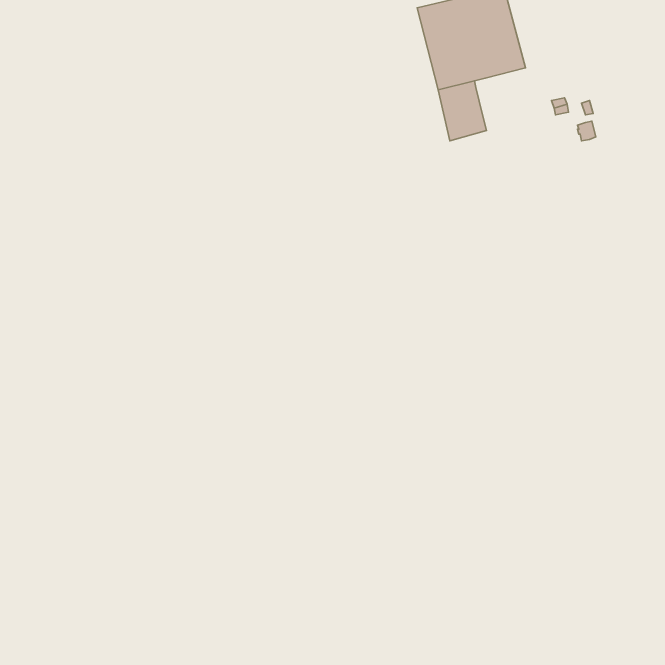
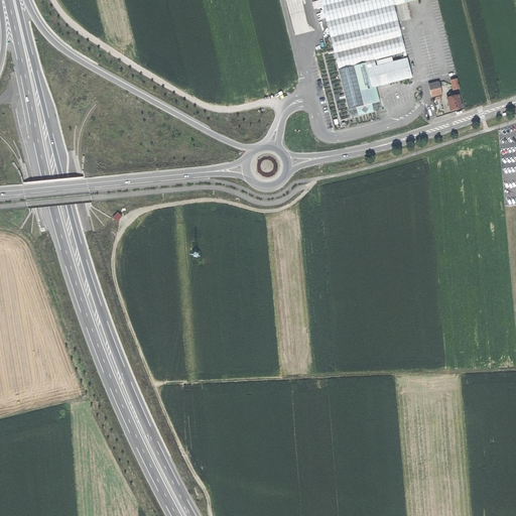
building: none -> [368,57,413,89]

